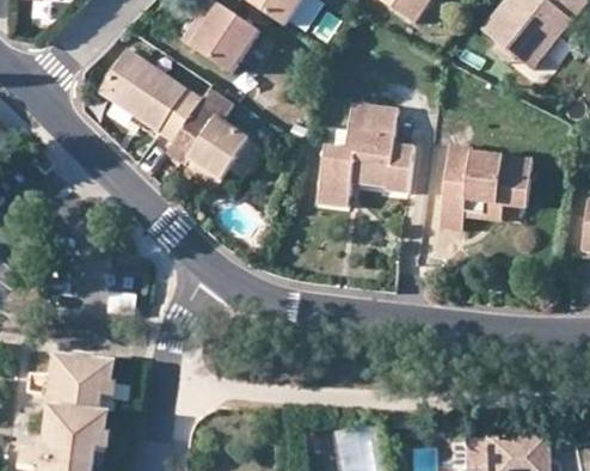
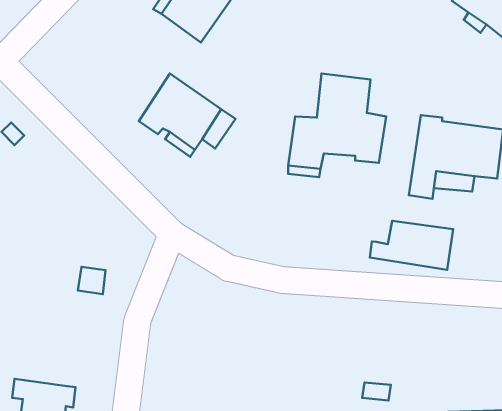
building: [100,45,203,139] -> none
building: none -> [370,221,453,270]
building: [48,354,112,415] -> none

